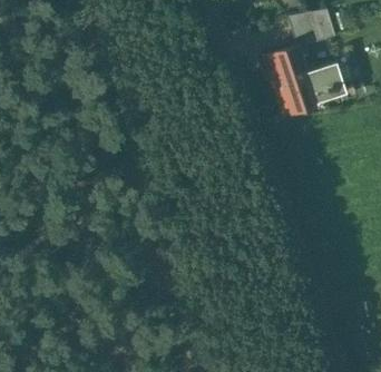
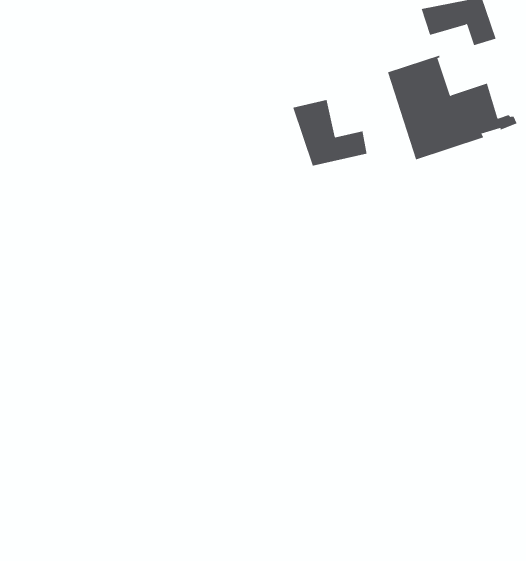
building: none -> [293,99,367,166]

